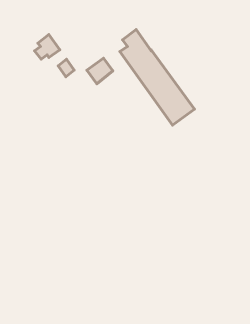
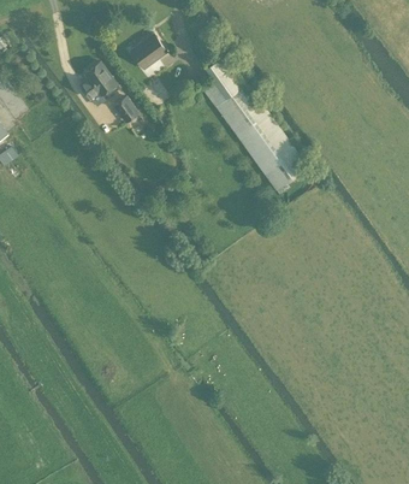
building: [87,58,113,84] -> [129,35,166,71]

